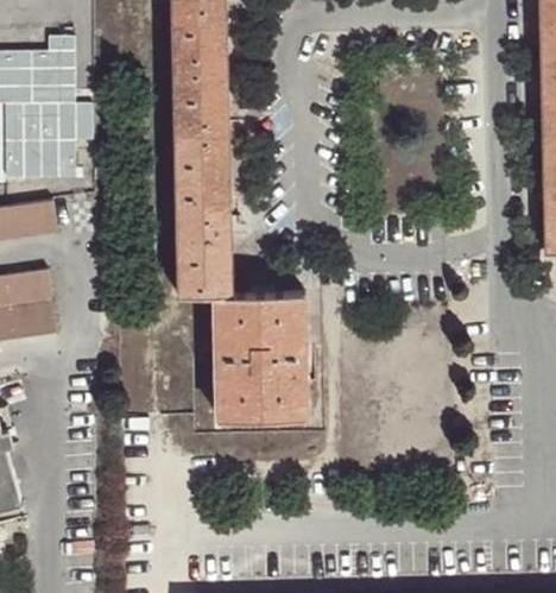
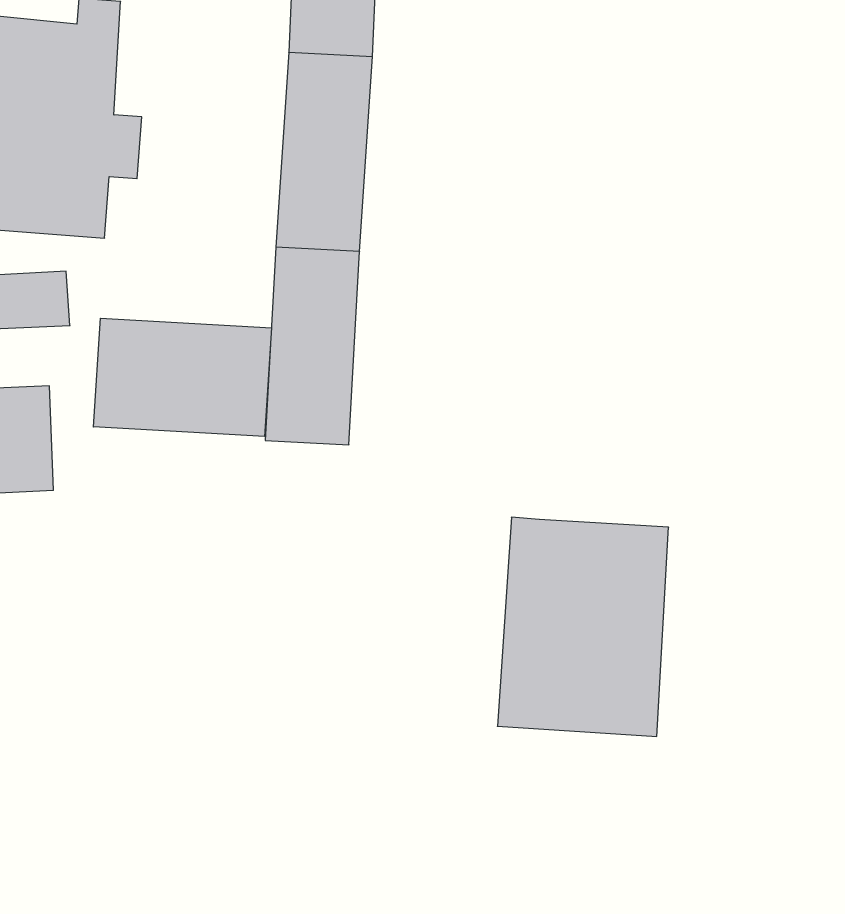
building: none -> [93,318,271,436]
building: [211,290,308,416] -> [497,517,669,736]

